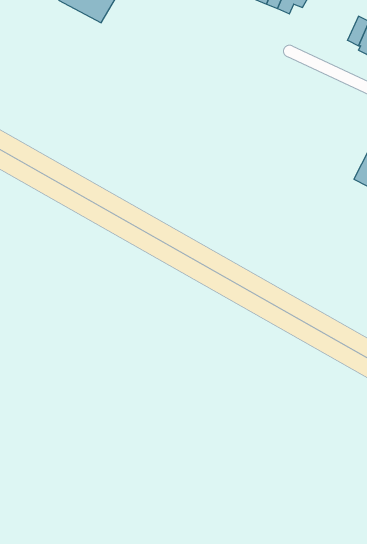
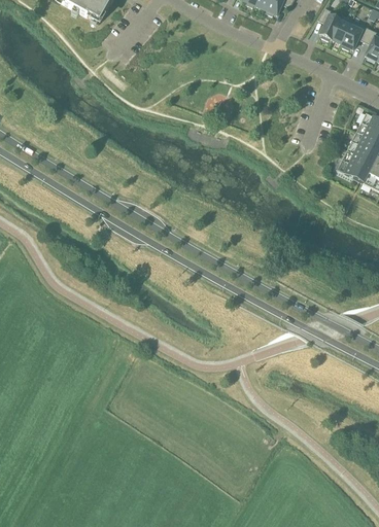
building: none -> [318,7,342,41]

